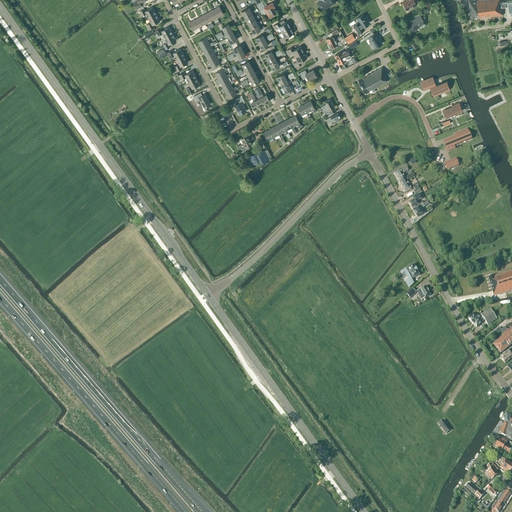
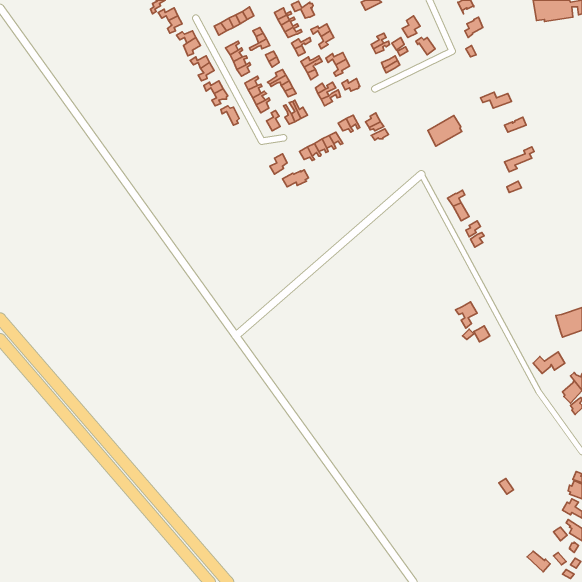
building: [358,67,388,94] -> [428,116,462,146]

